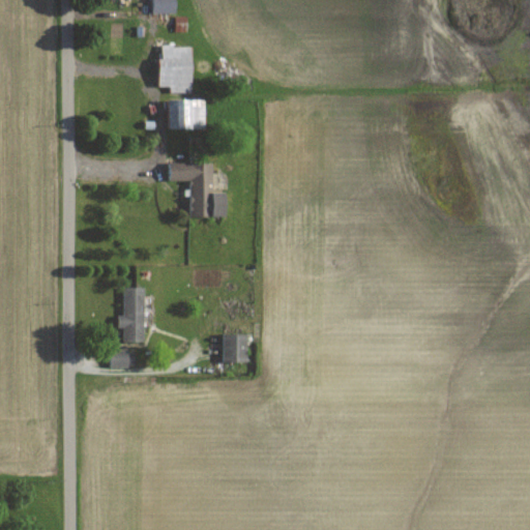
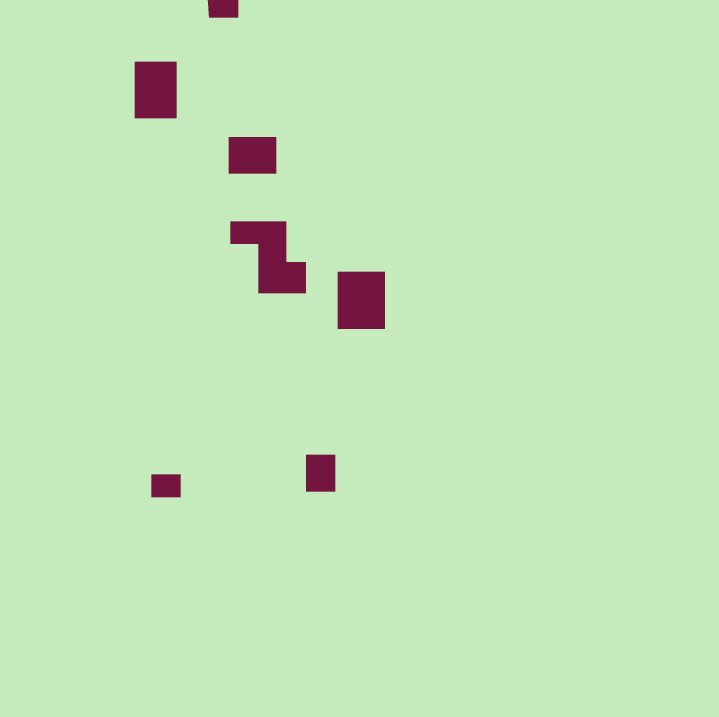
building: [159,46,192,88] -> [134,61,177,119]
building: none -> [337,271,386,330]
building: [121,287,145,342] -> none

